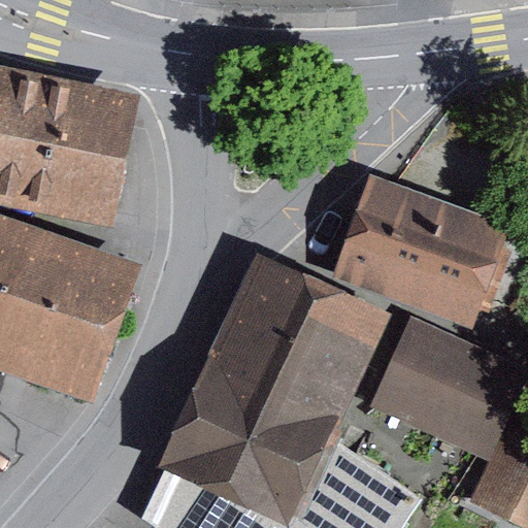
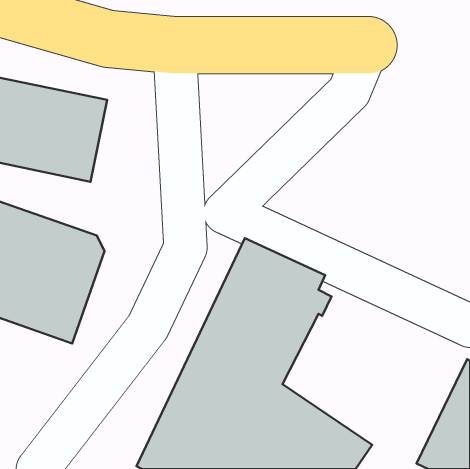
building: [353,200,502,306] -> none
building: [384,329,514,441] -> none

